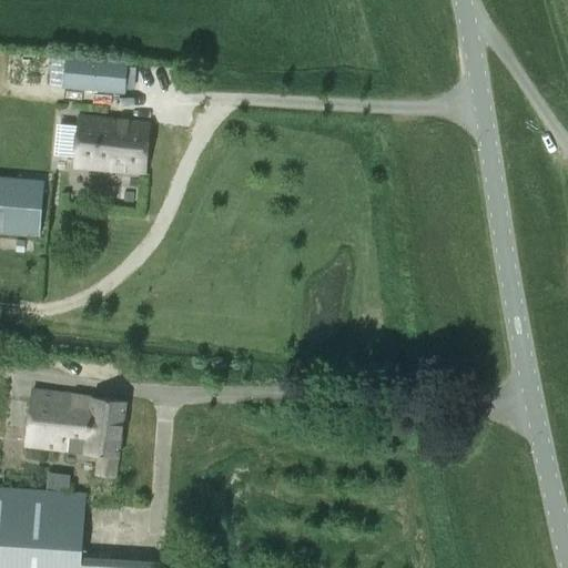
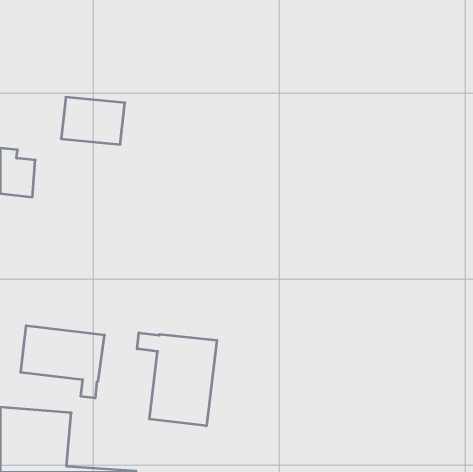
building: [49,55,128,93] -> none
building: none -> [137,333,217,426]

